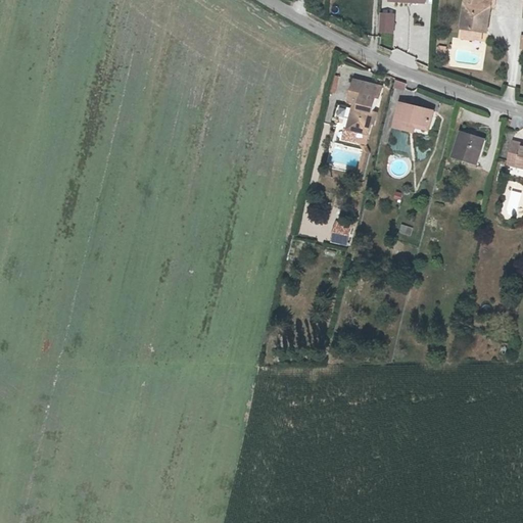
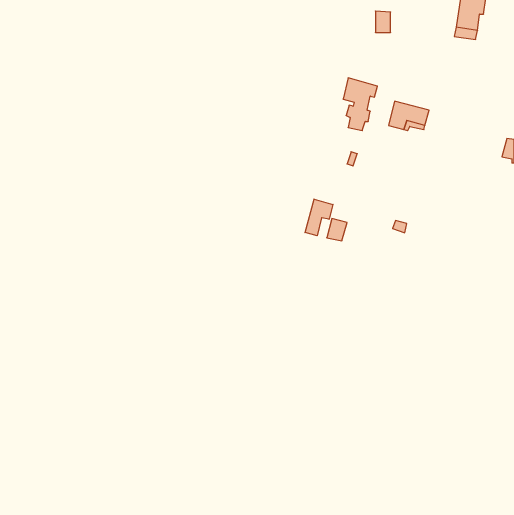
building: [451,131,483,164] -> none
building: none -> [305,199,333,236]

